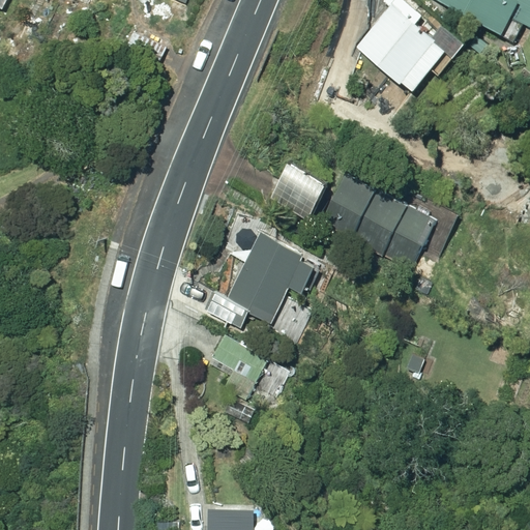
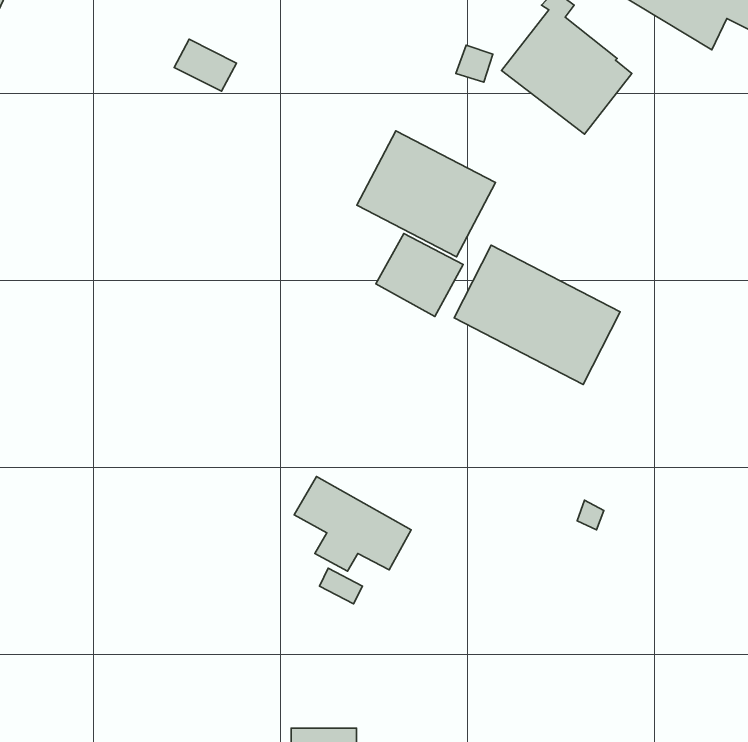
building: none -> [357,131,495,257]
building: [205,231,334,327] -> none

